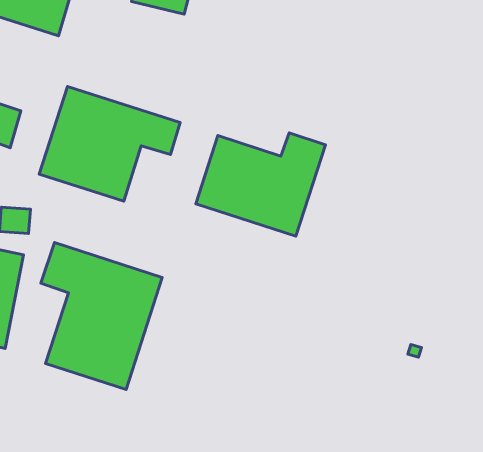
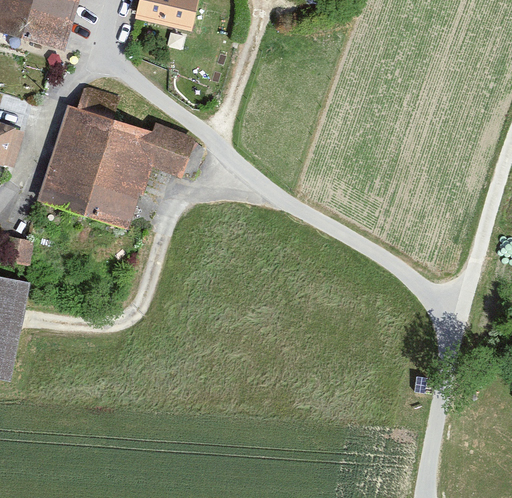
building: [196,133,325,236] -> none
building: [41,242,162,390] -> none

